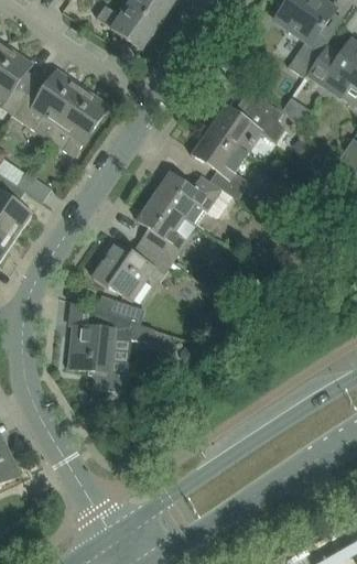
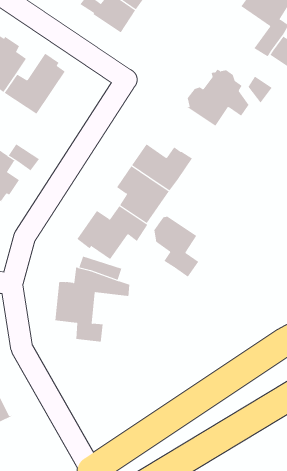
building: [48,88,108,156] -> none
building: [198,130,249,198] -> [153,216,199,278]

